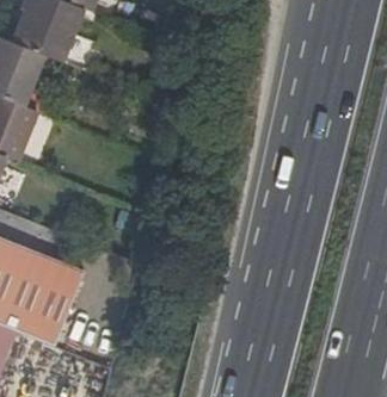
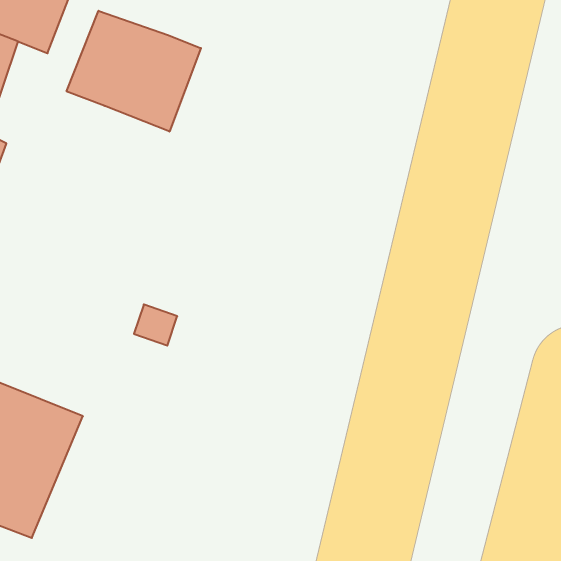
building: none -> [67,11,201,132]

